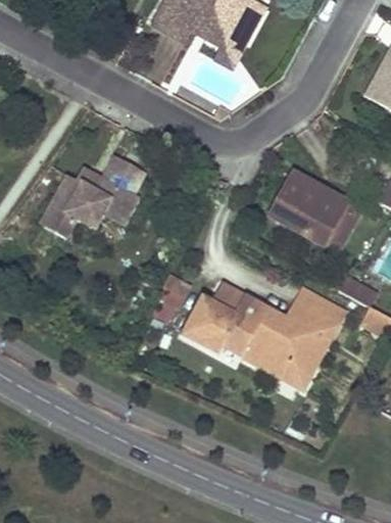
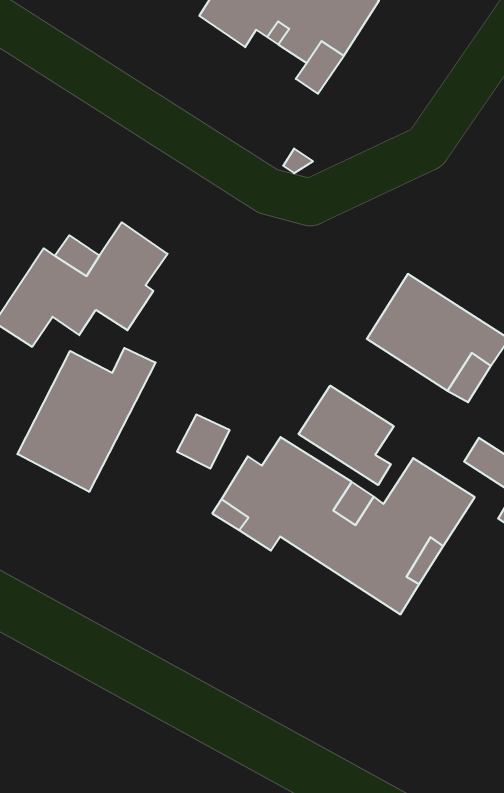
building: none -> [17,348,156,492]
building: none -> [299,386,394,485]

